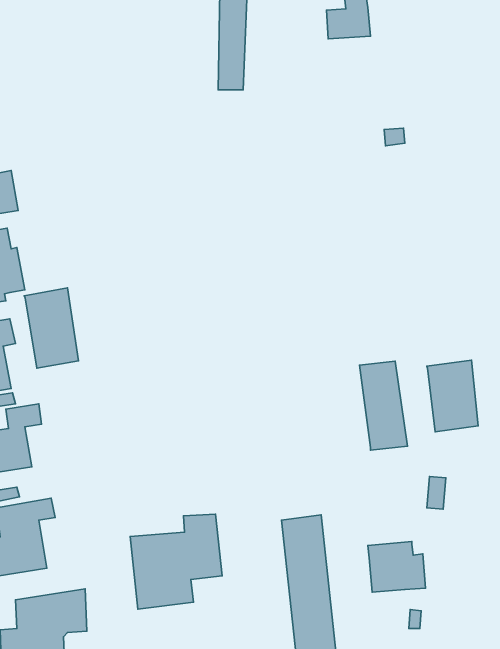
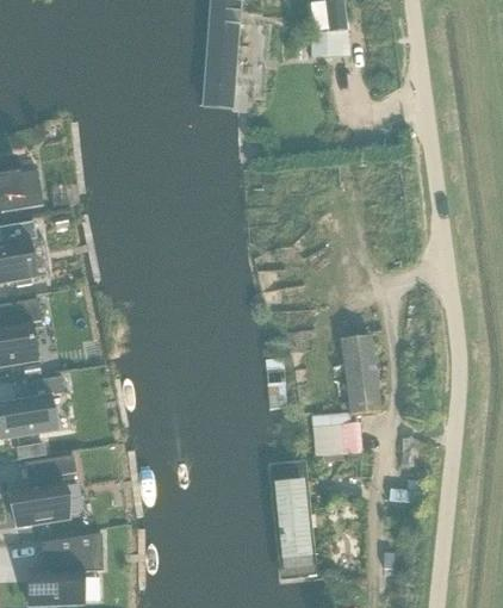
building: [24,288,78,368] -> none
building: [427,360,478,432] -> none
building: [130,514,222,609] -> none
building: [368,541,426,592] -> [311,411,361,455]

